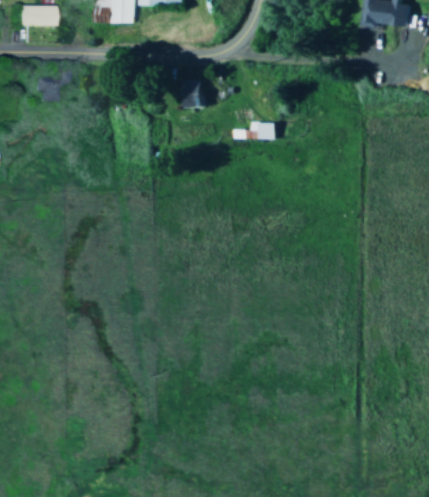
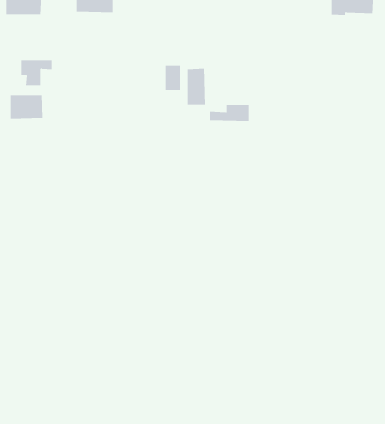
building: none -> [187,68,205,106]
building: none -> [10,94,43,120]

